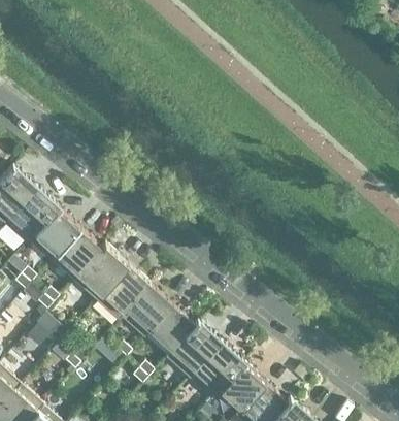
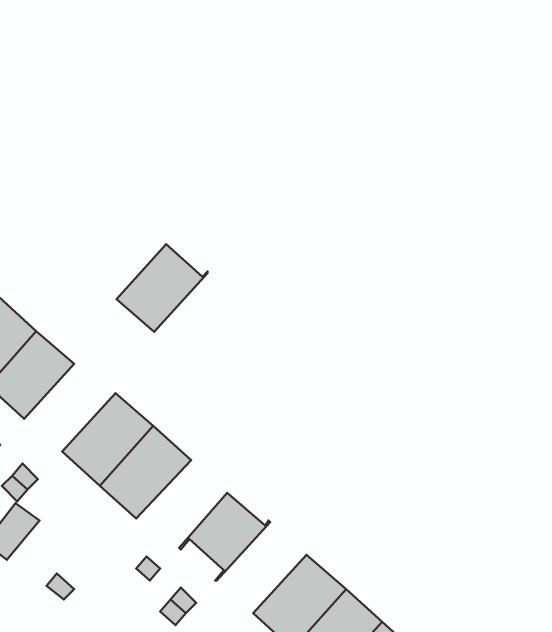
building: [48,226,103,279] -> [116,244,208,332]
building: [115,284,170,336] -> none
building: [164,321,218,376] -> none

